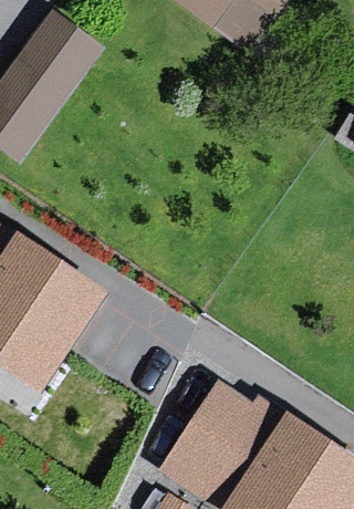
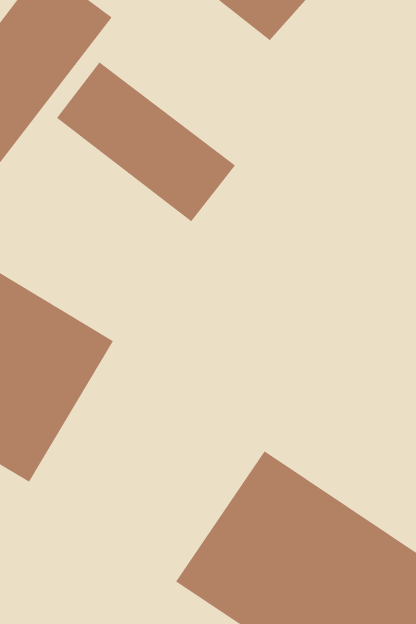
building: none -> [56,61,236,222]

